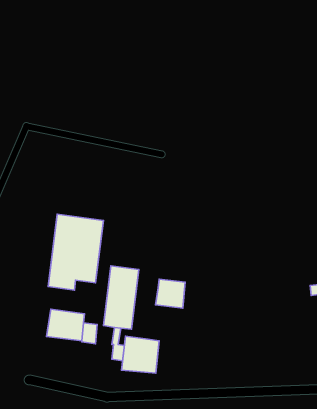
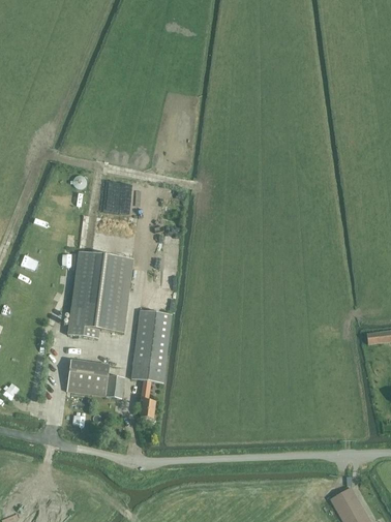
building: [156,279,185,308] -> none
building: [121,336,159,373] -> none

